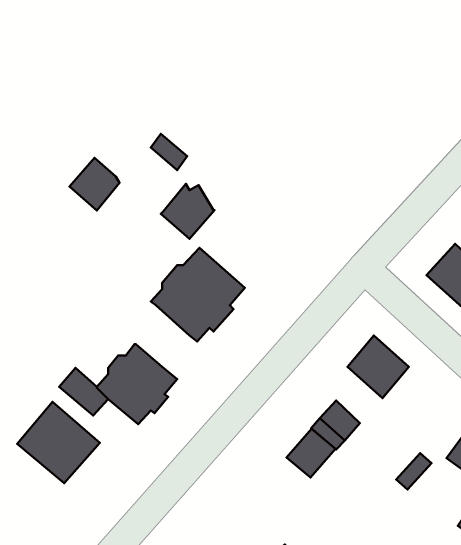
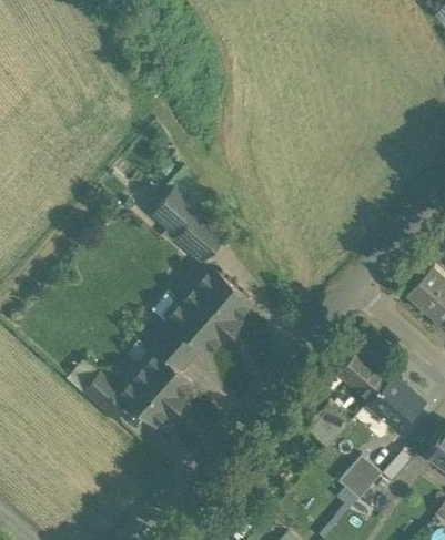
building: [69,158,120,210] -> [153,192,198,238]
building: none -> [145,322,201,376]
building: none -> [372,376,427,431]
building: [17,402,100,483] -> none
building: [287,429,335,478] -> [341,458,384,501]

